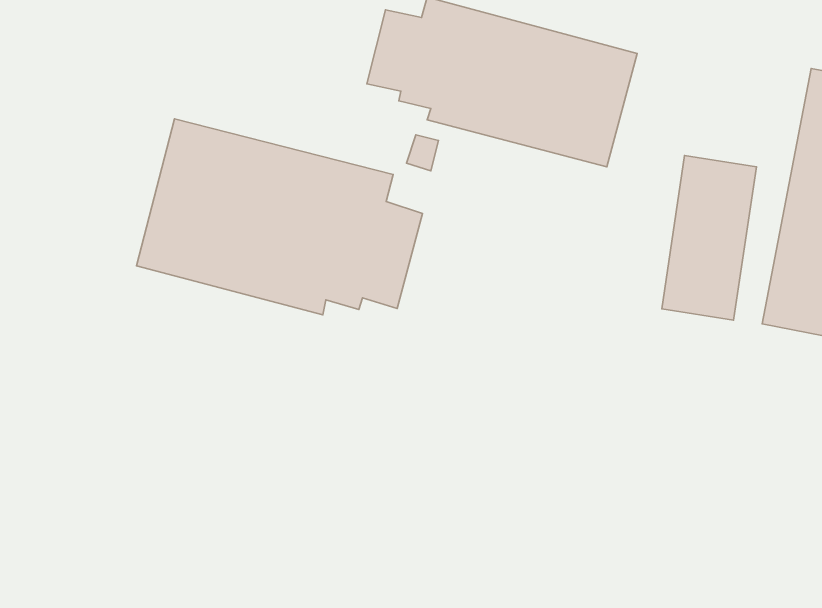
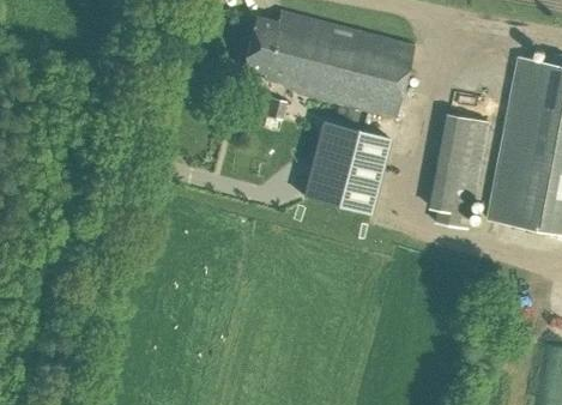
building: [136,119,422,315] -> none
building: none -> [302,120,391,214]

